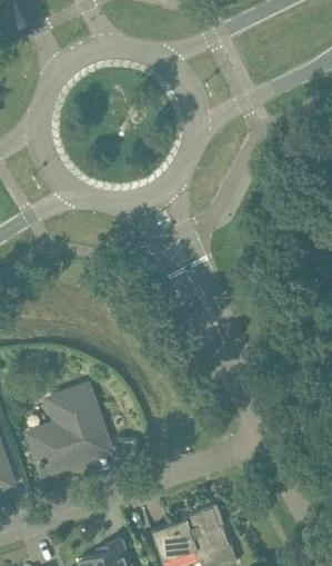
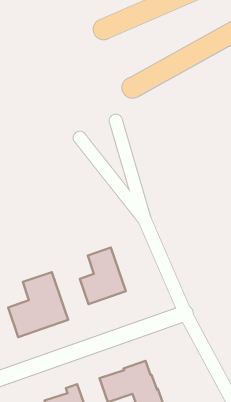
building: none -> [80,247,126,304]

